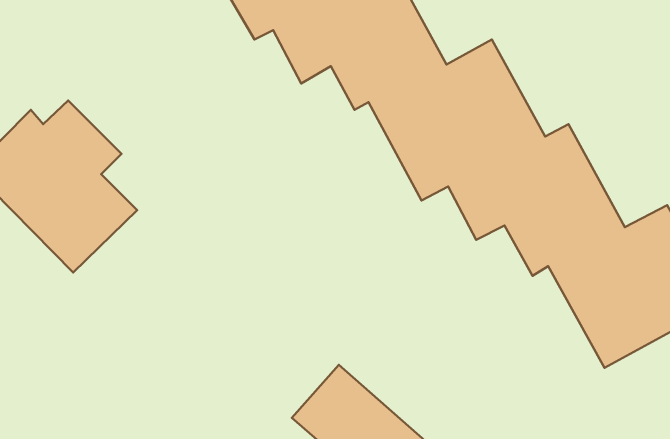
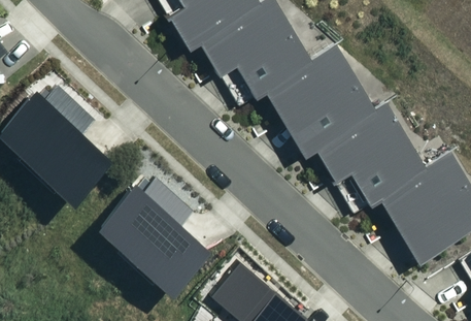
building: none -> [92,179,208,294]

